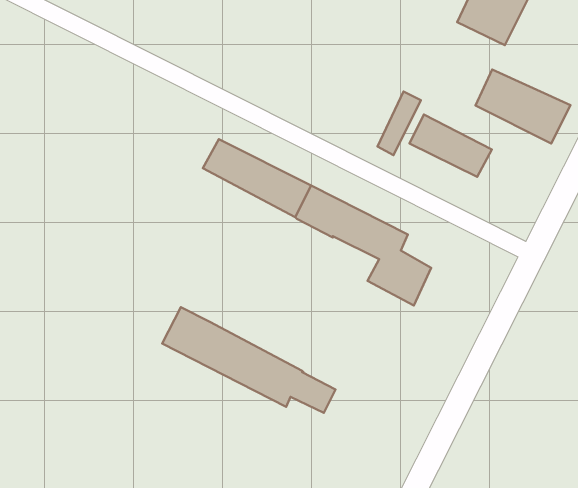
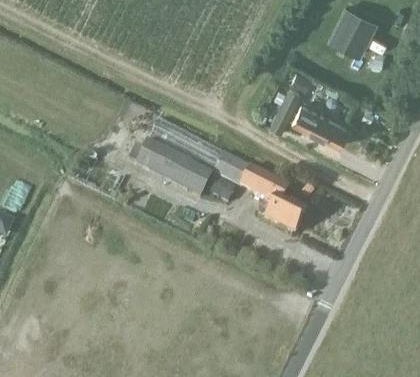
building: [475,69,570,144] -> none
building: [162,307,335,413] -> [119,132,239,205]

